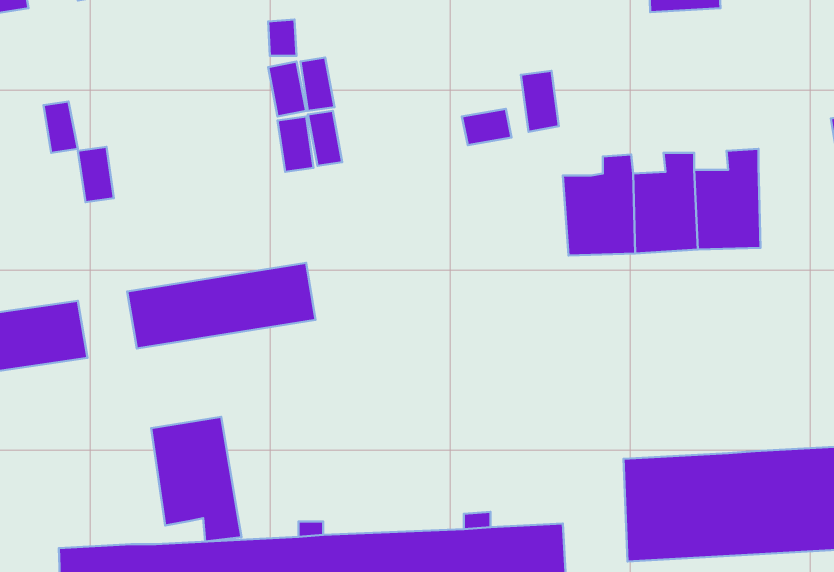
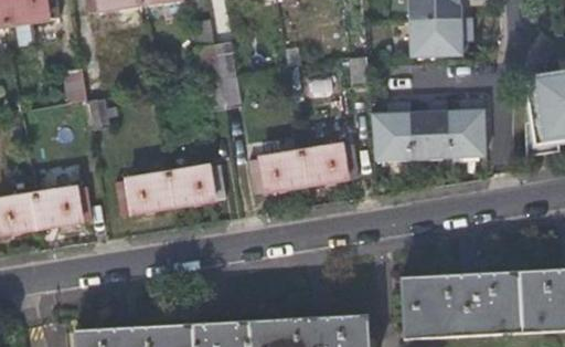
building: none -> [417,17,469,56]
building: none -> [244,144,355,193]
building: [151,417,242,542] -> none

